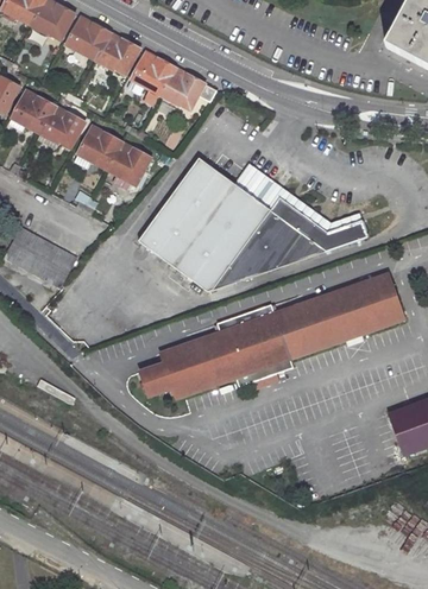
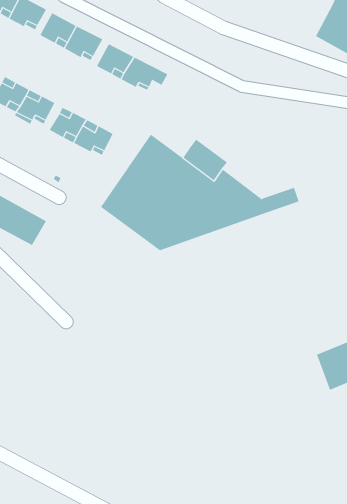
building: [278,190,361,232] -> none
building: [139,273,403,397] -> none

